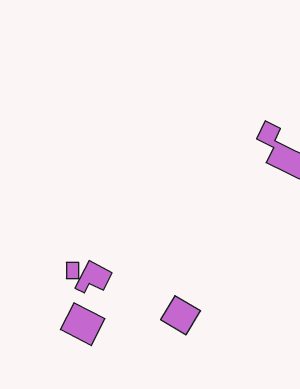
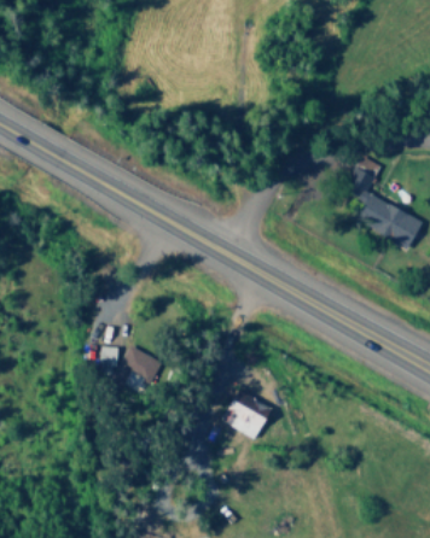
building: [60,303,105,346] -> none

